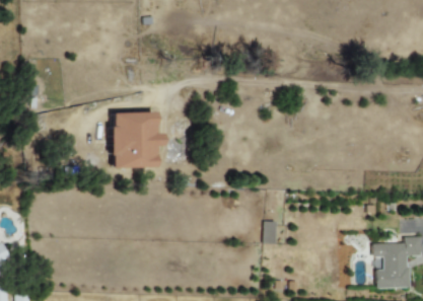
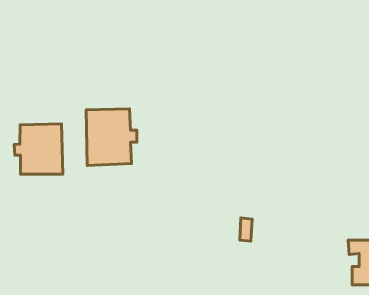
building: none -> [14,124,63,174]

